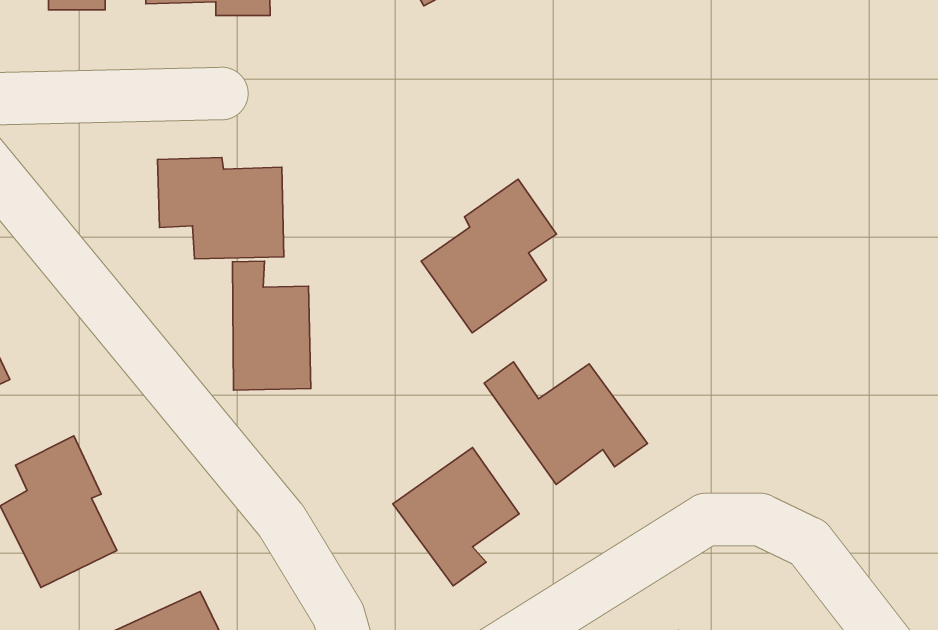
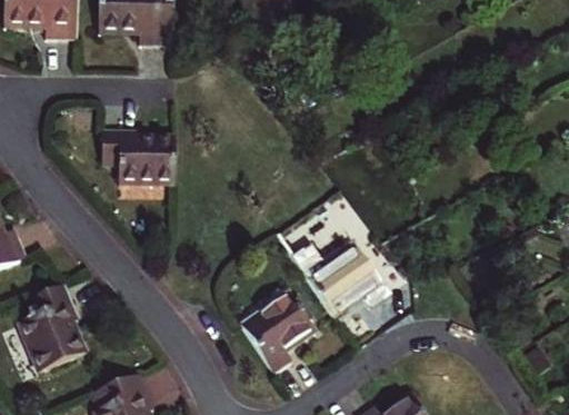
building: [421,179,557,333] -> none
building: [232,261,311,390] -> none

